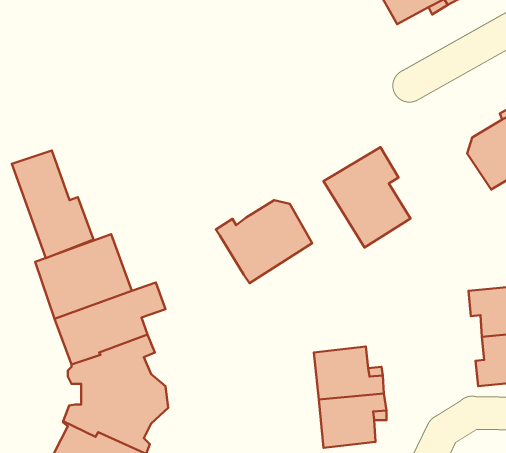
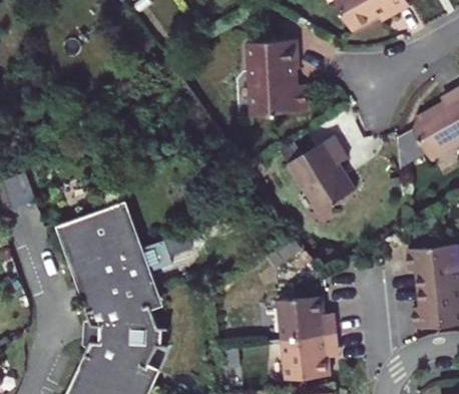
building: none -> [245,36,301,111]
building: [12,150,93,258] -> none
building: [216,200,312,283] -> none

